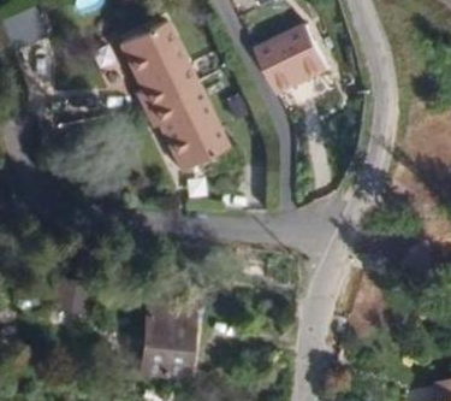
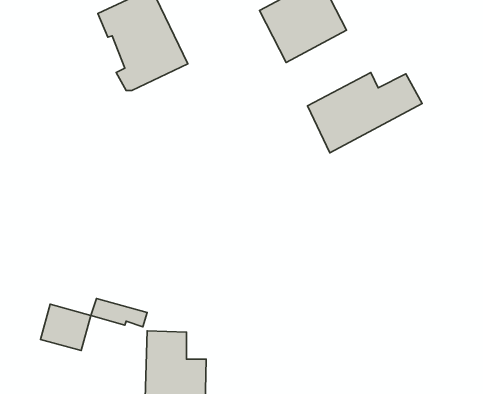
building: [135,85,218,169] -> none
building: none -> [307,72,422,153]

